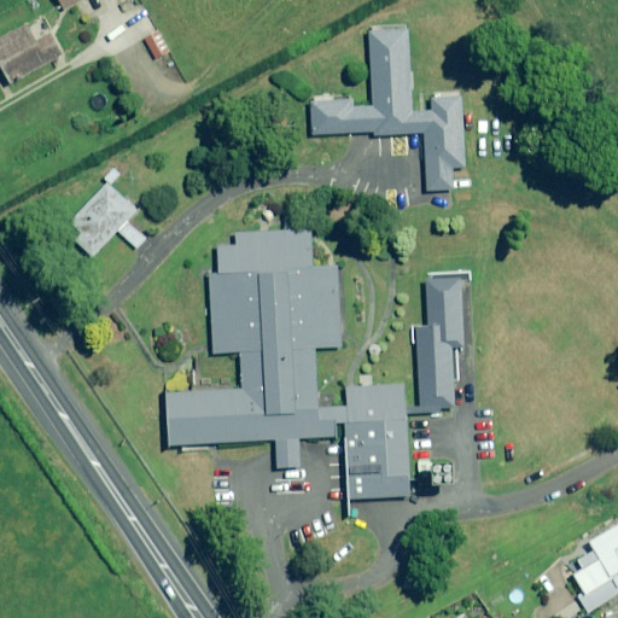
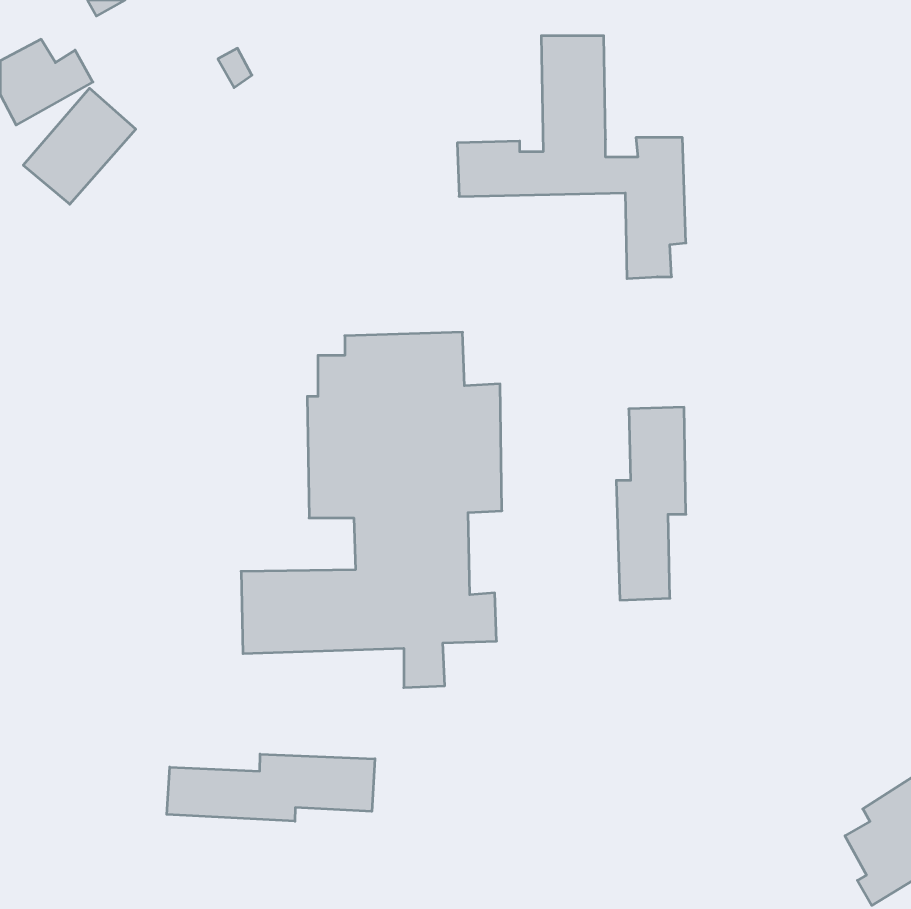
building: [64,179,140,257] -> [23,88,136,204]
building: [344,383,408,497] -> none
building: none -> [167,754,375,821]

